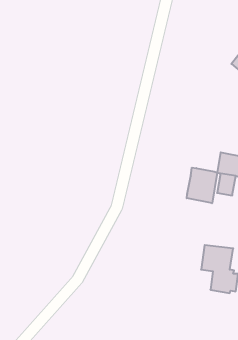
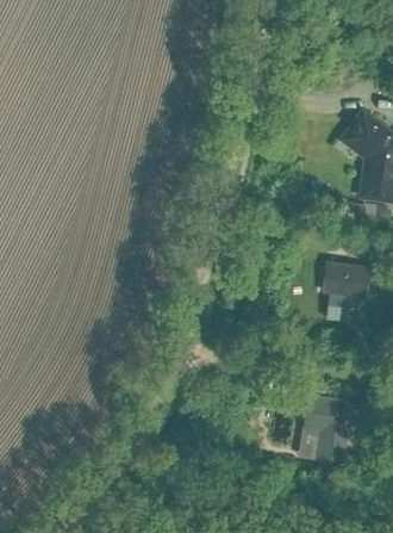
building: [187,168,217,203] -> none

